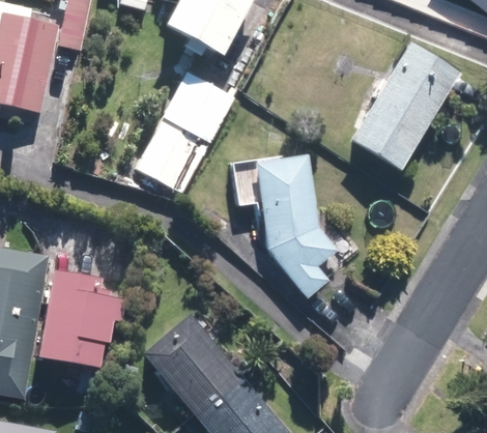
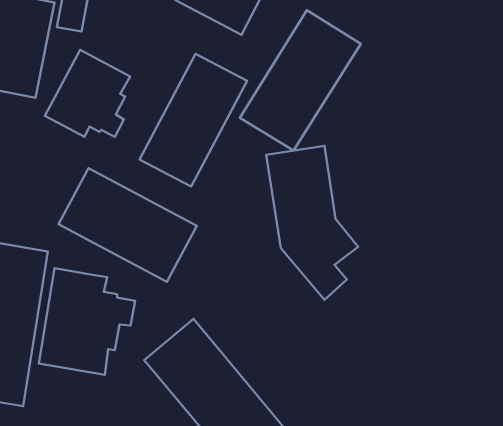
building: [347,40,459,170] -> [240,10,361,150]
building: none -> [45,50,130,137]
building: none -> [58,168,197,282]

